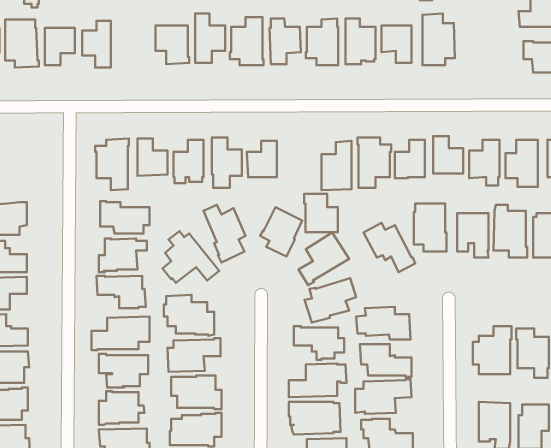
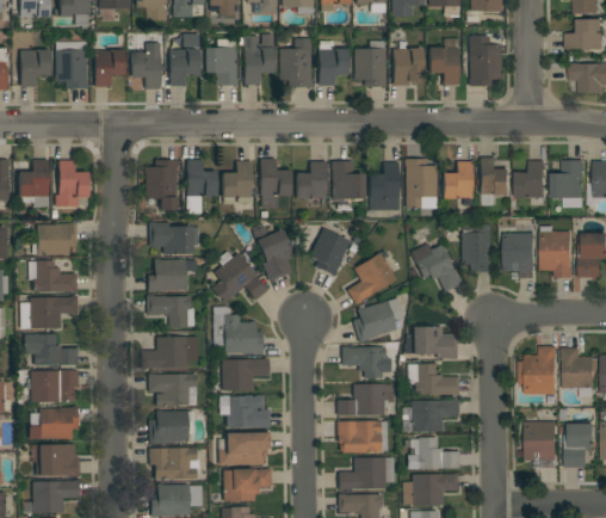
building: none -> [171,42,203,87]
building: none -> [56,161,89,208]
building: [304,194,338,232] -> [332,161,365,199]

